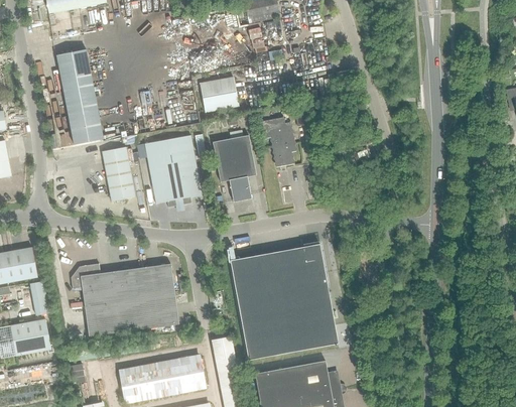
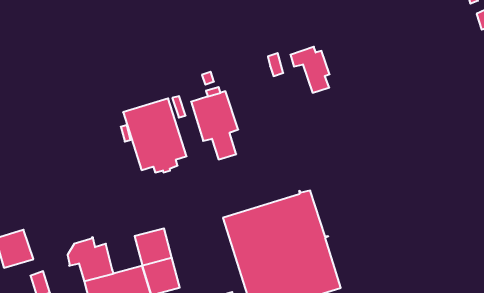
building: [56,48,103,144] -> none
building: [200,78,238,111] -> none
building: [259,119,295,164] -> [290,47,330,93]
building: [102,146,135,200] -> none
building: [111,267,144,301] -> none

